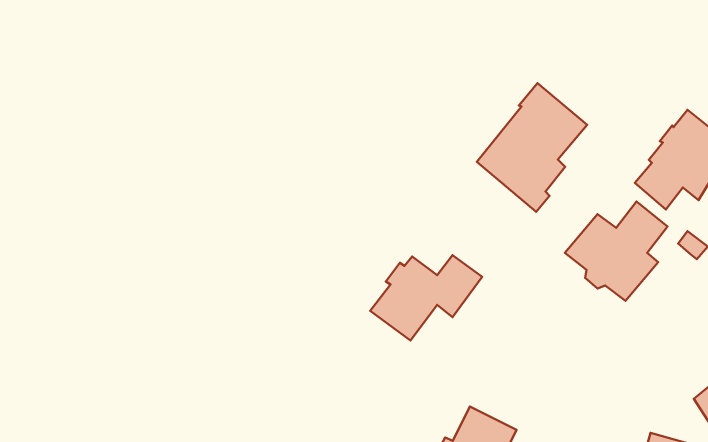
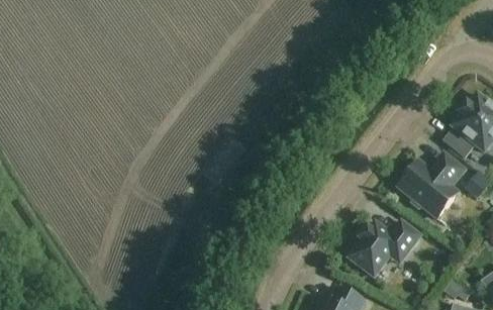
building: [477,83,587,212] -> none
building: [370,255,482,340] -> [349,219,421,275]

